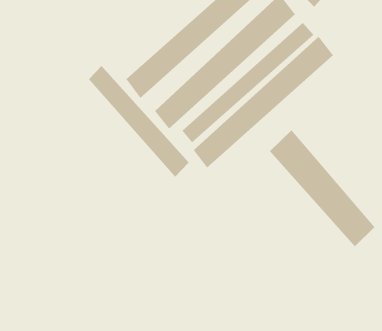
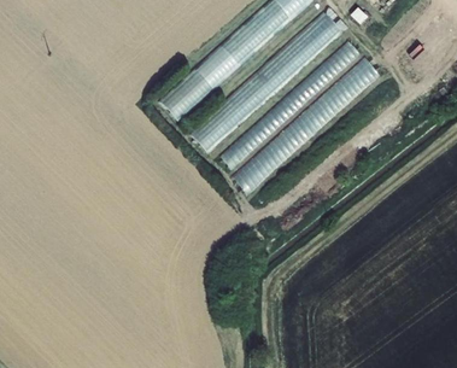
building: [88,65,189,177] -> none
building: [269,130,375,247] -> none

